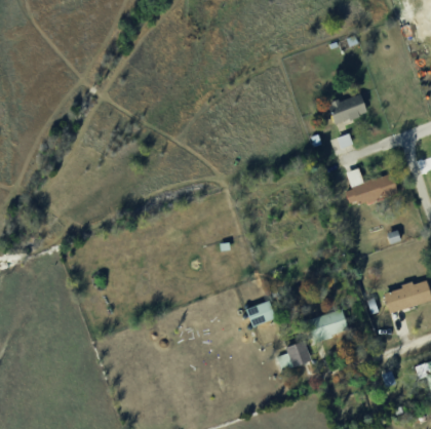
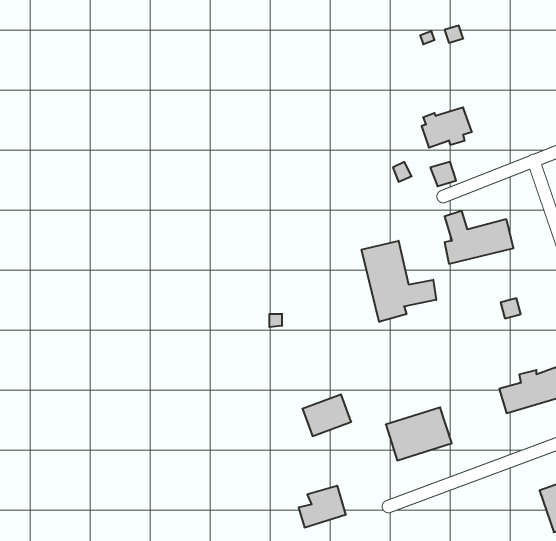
building: none -> [362,241,436,322]
building: [279,340,313,369] -> [299,486,346,527]

